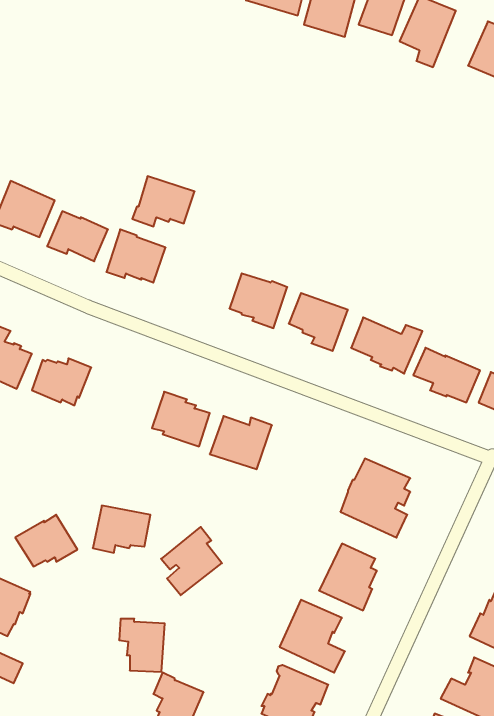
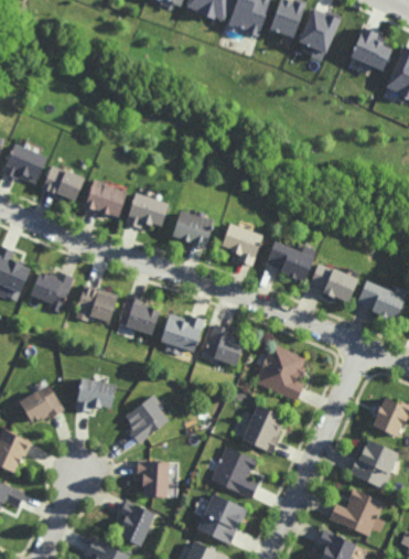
building: [132,176,195,226] -> [126,192,171,228]
building: none -> [76,284,118,322]
building: none -> [205,324,243,366]
building: [119,619,165,672] -> [137,460,170,498]

